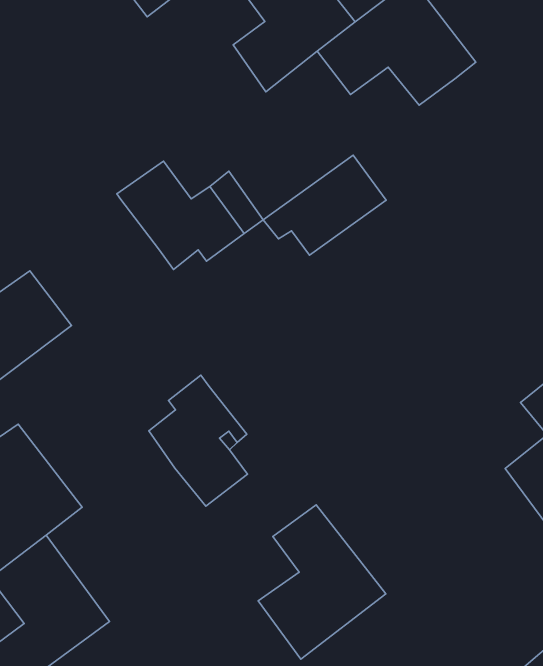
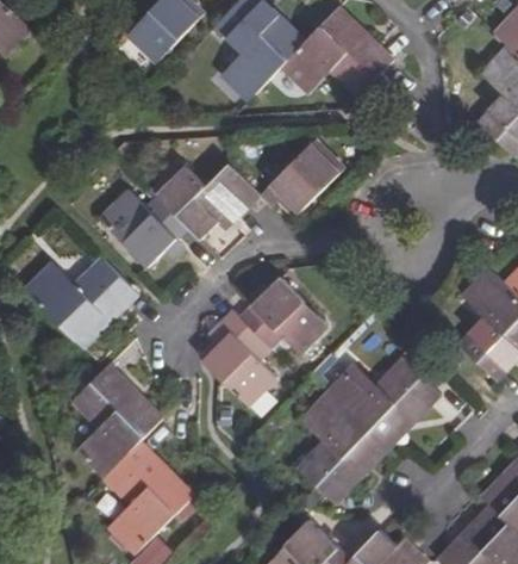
building: none -> [101,192,188,266]
building: none -> [239,278,327,354]
building: none -> [329,359,441,448]

